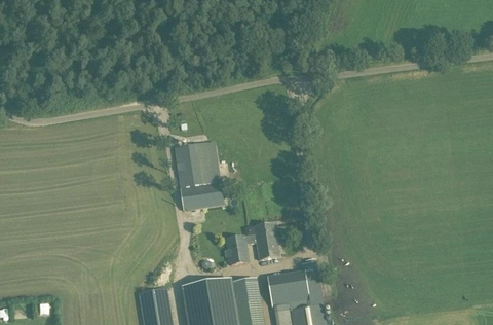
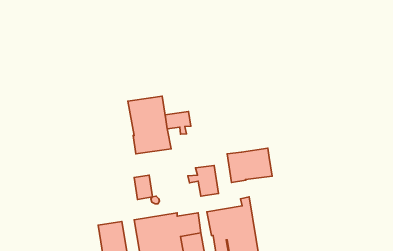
building: none -> [165,112,191,134]
building: none -> [227,148,272,182]
building: [226,234,248,263] -> [134,175,153,200]

